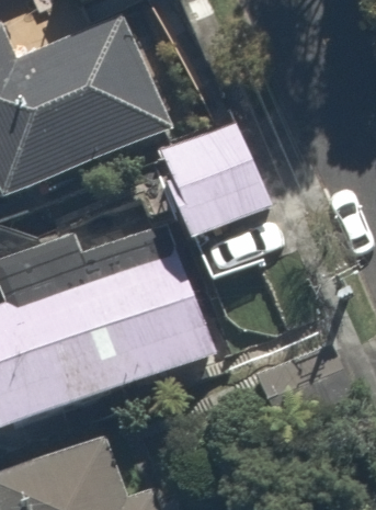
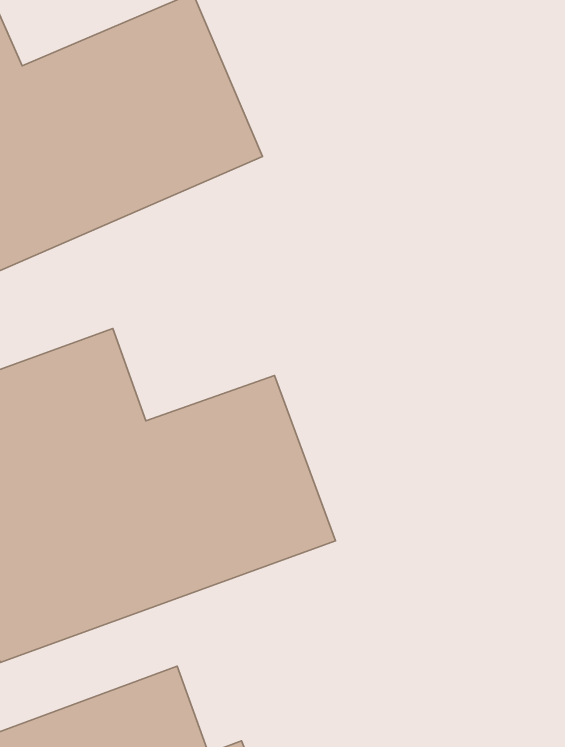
building: [155,118,292,282] -> none

